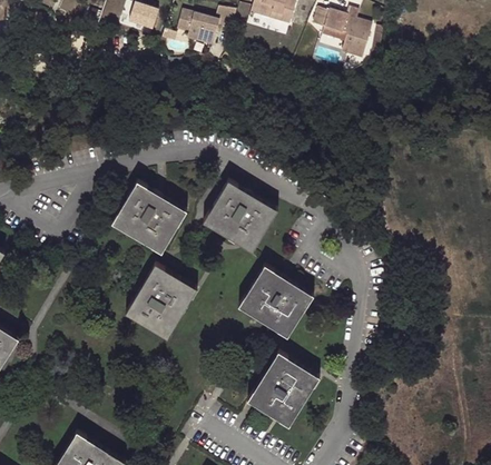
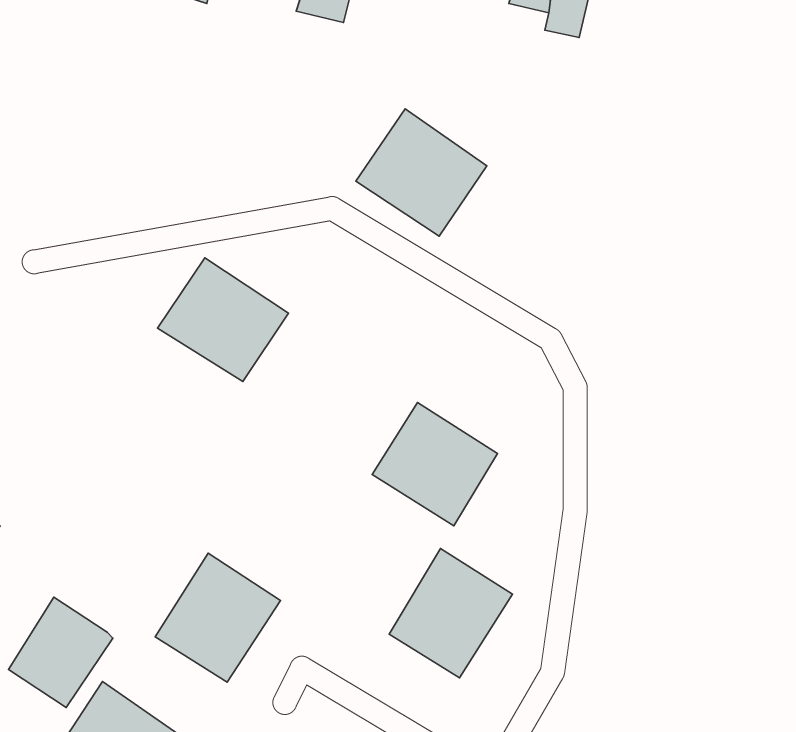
building: [203,181,279,256] -> [356,109,487,236]
building: [122,265,196,340] -> [155,553,280,682]
building: none -> [8,597,113,708]

